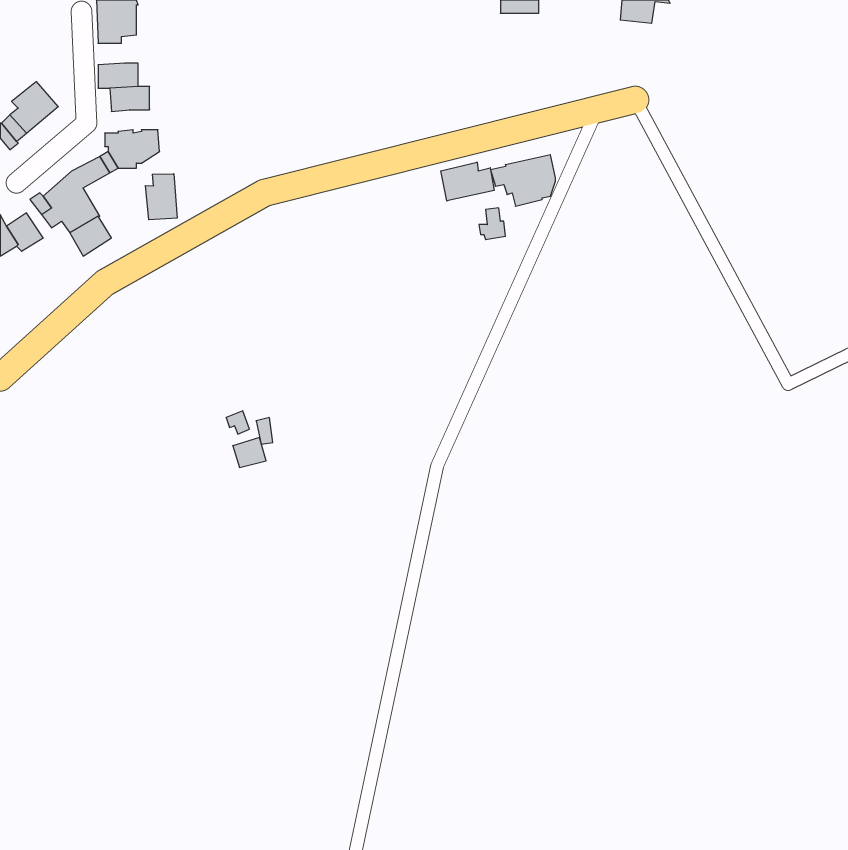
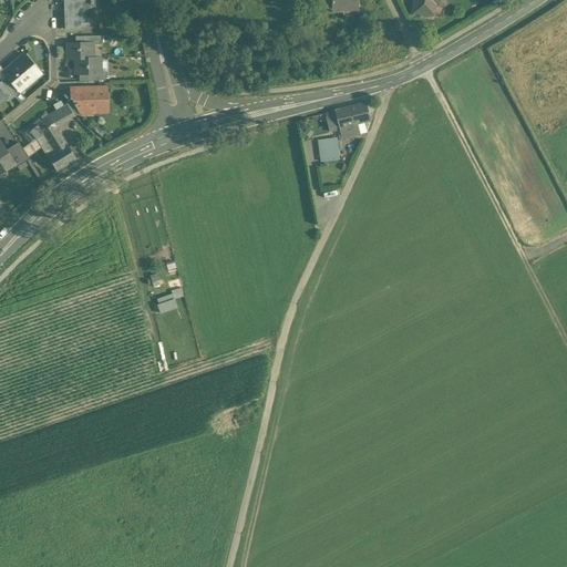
building: [441,162,494,201] -> none
building: [145,174,177,220] -> none

